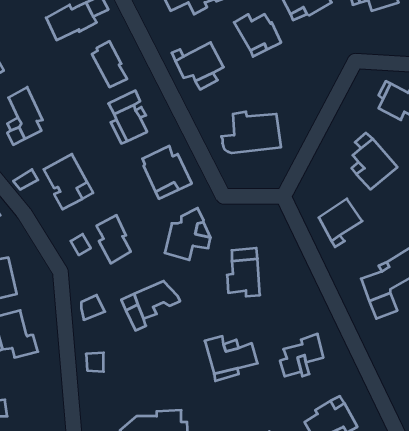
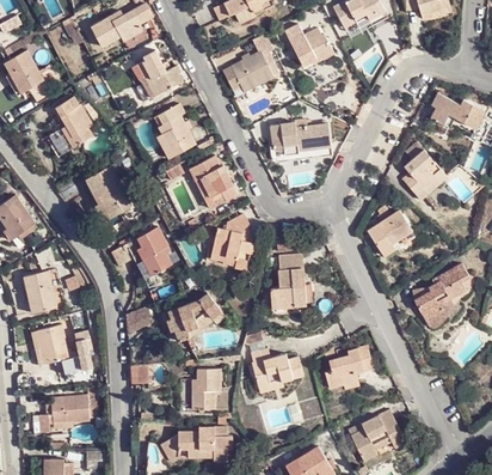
building: none -> [192,367,225,408]
building: none -> [51,394,88,430]

